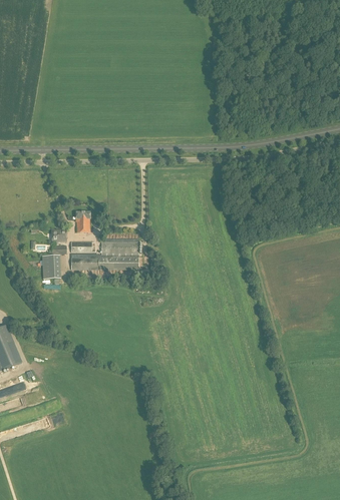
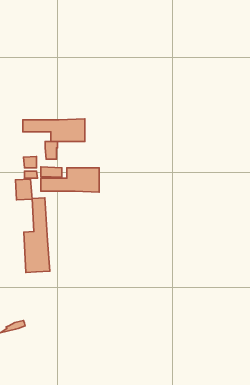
building: none -> [23,119,85,142]
building: none -> [24,198,50,273]

